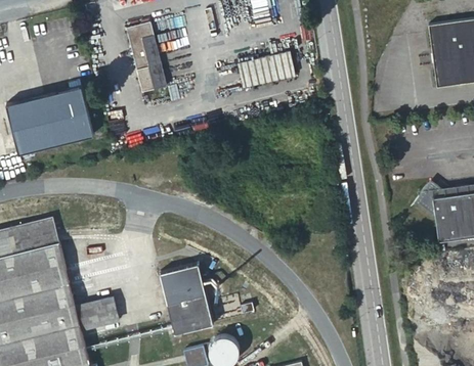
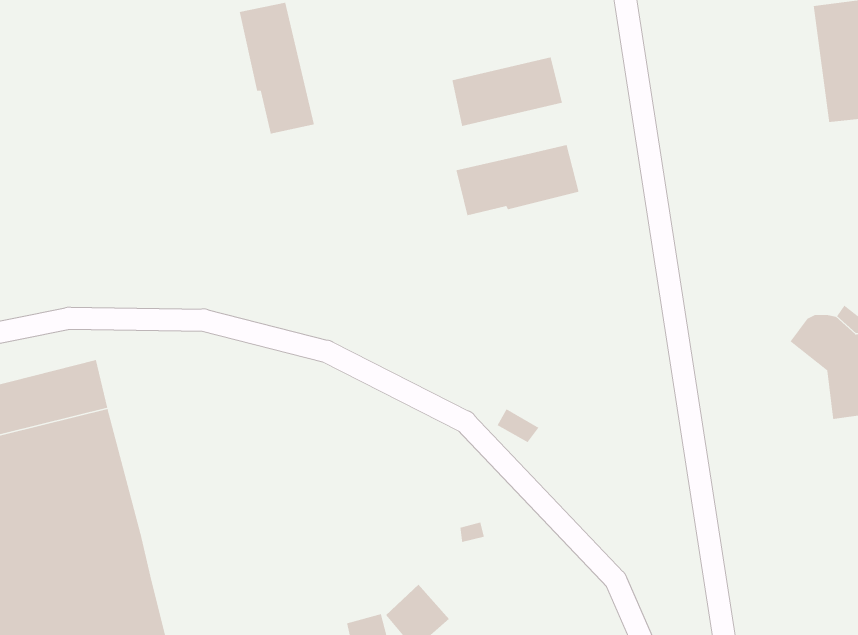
building: [5,83,93,157] -> none
building: none -> [455,144,580,216]
building: [159,260,215,333] -> none
building: [75,296,118,328] -> none

